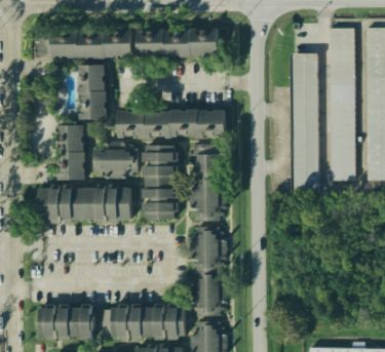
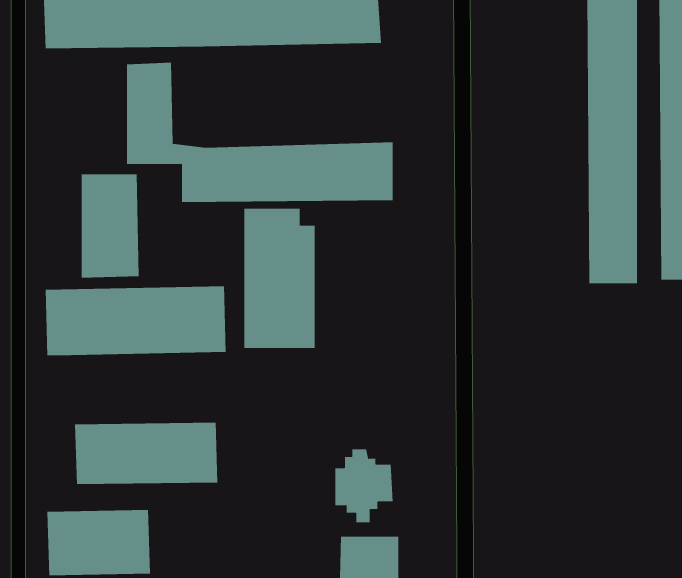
building: [286,53,317,193] -> none
building: [188,145,226,223] -> none
building: [91,147,129,182] -> none
building: [190,227,222,269] -> none
building: [107,306,185,340] -> [74,422,218,485]

